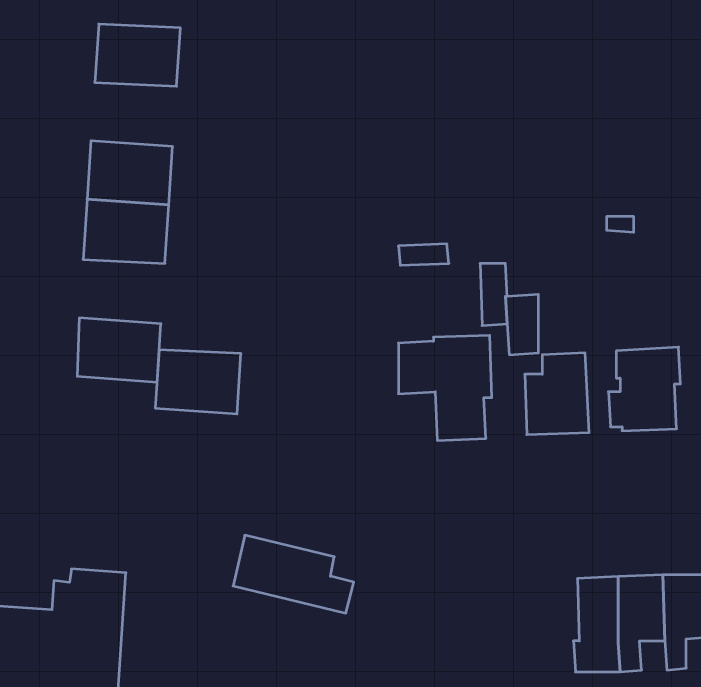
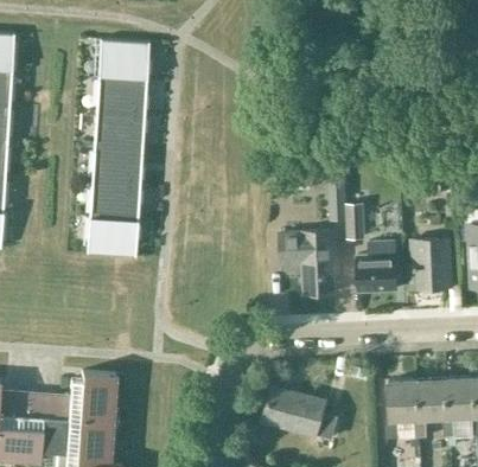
building: none -> [95,76,147,115]
building: [155,350,241,414] -> [88,184,140,223]
building: [233,535,354,613] -> [263,388,337,435]

